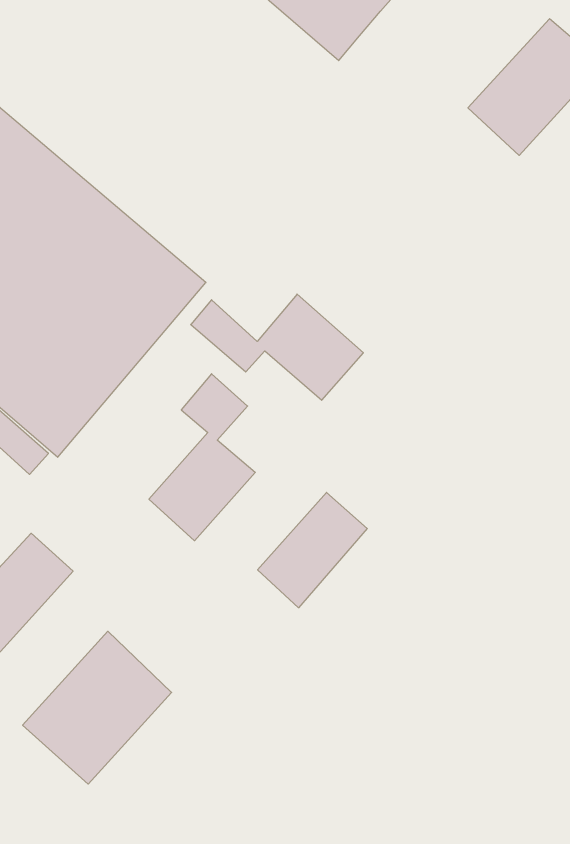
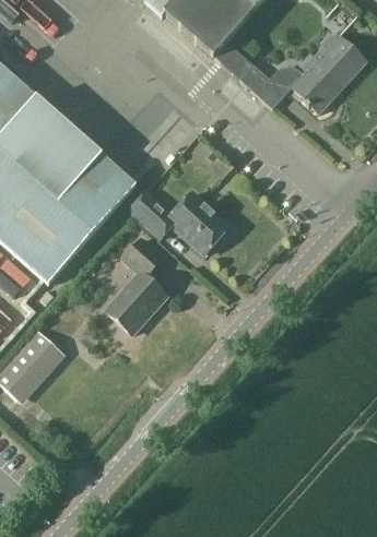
building: none -> [215,41,285,105]
building: [258,492,367,608] -> none
building: [23,631,172,784] -> none

